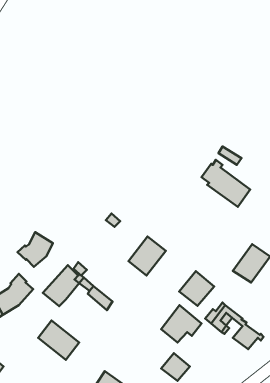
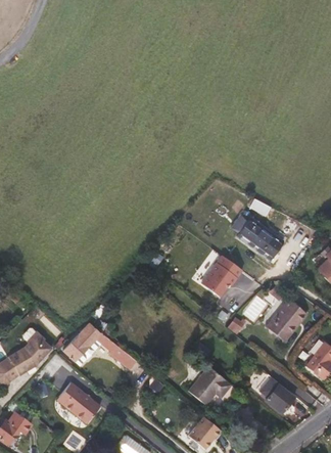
building: [17,232,53,267] -> none
building: [128,236,166,276] -> [202,255,242,297]
building: [179,271,214,306] -> none

